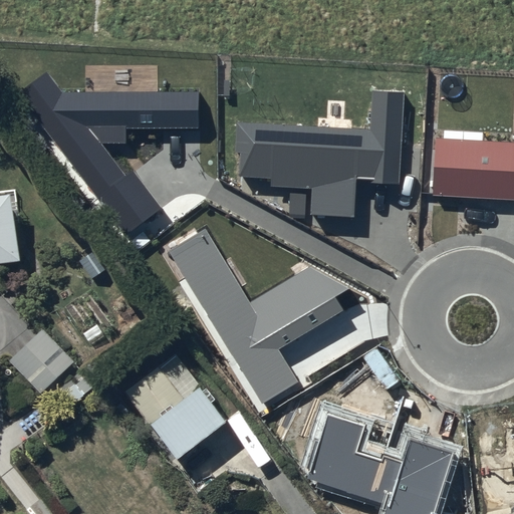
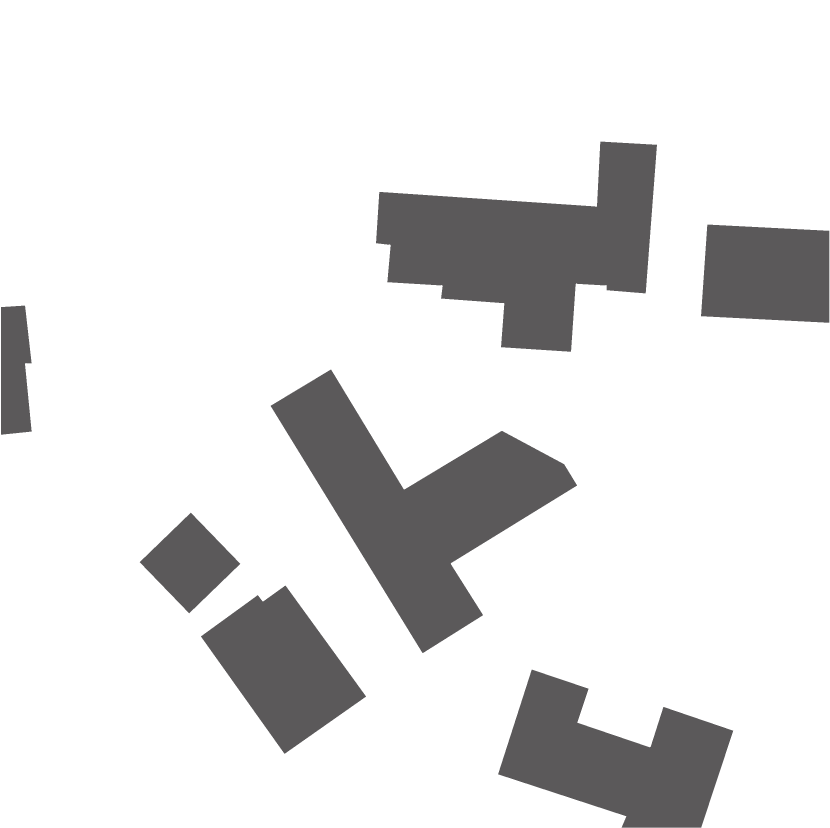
building: [15,71,197,238] -> none
building: [9,331,72,395] -> [139,512,241,614]

